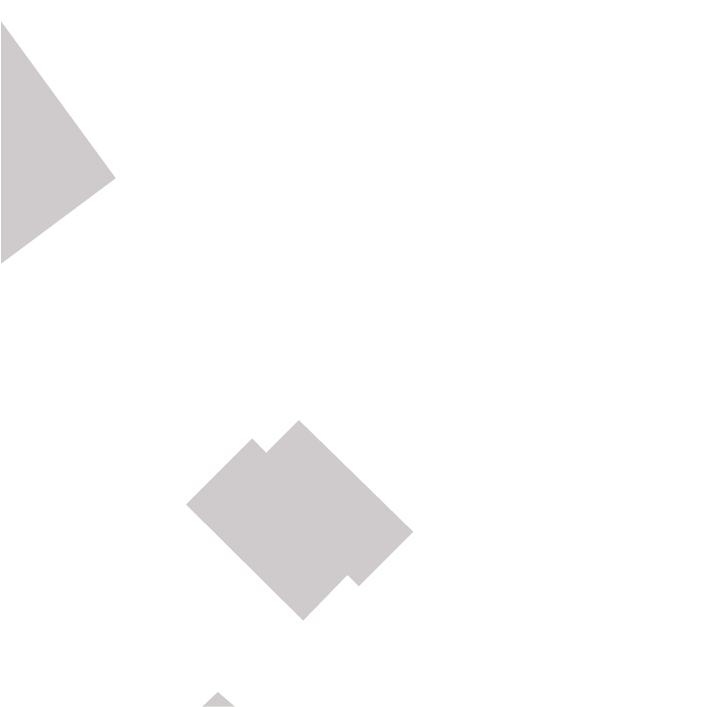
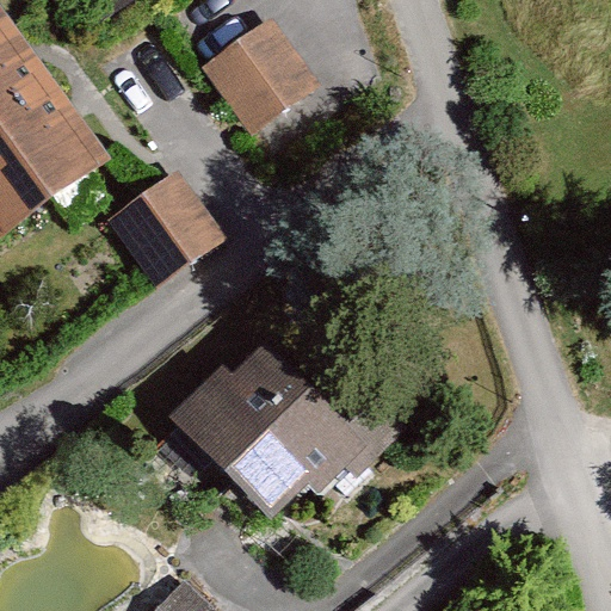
building: none -> [206,18,322,134]
building: none -> [103,163,226,286]

